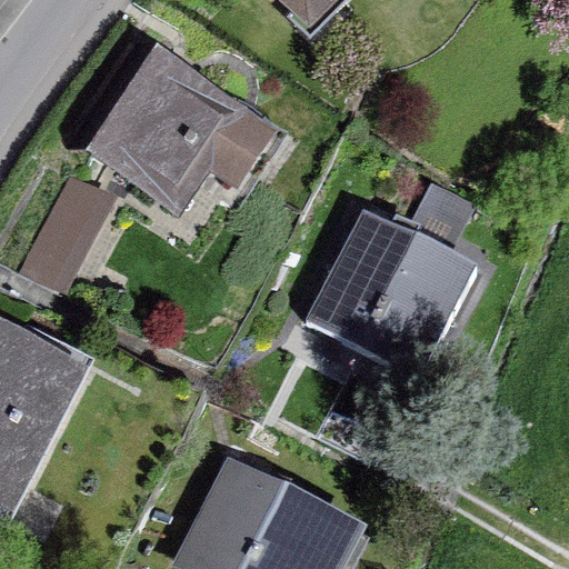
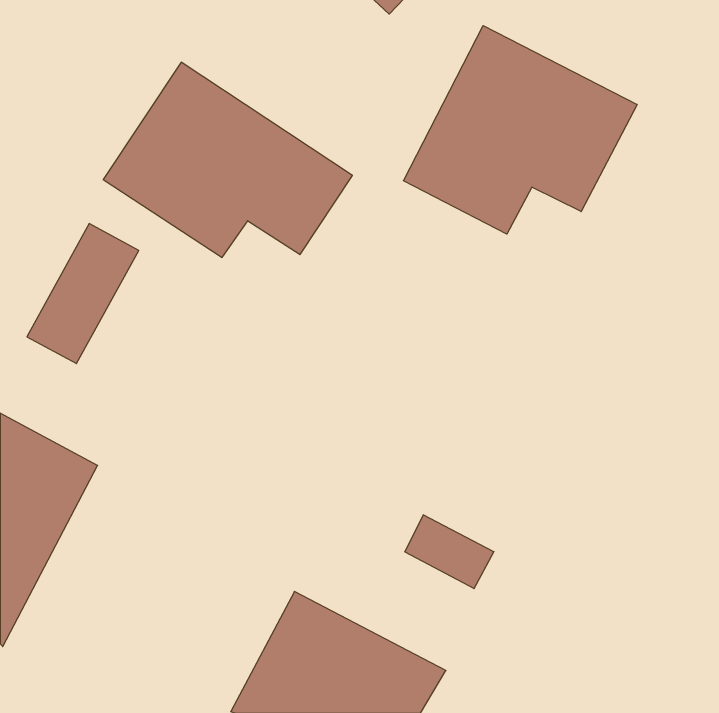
building: none -> [403,26,637,234]
building: [307,207,480,378] -> none

